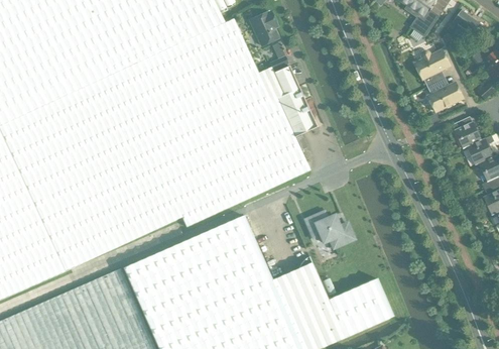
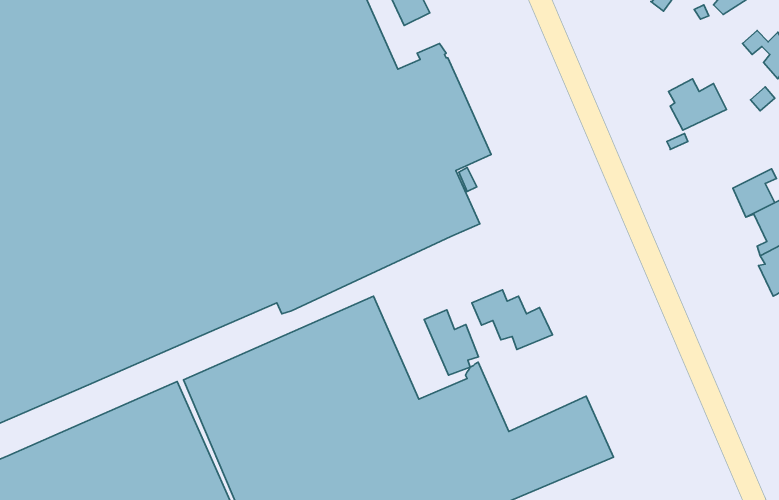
building: [415,50,451,88] -> none
building: [453,117,492,149] -> none
building: none -> [424,310,479,375]

